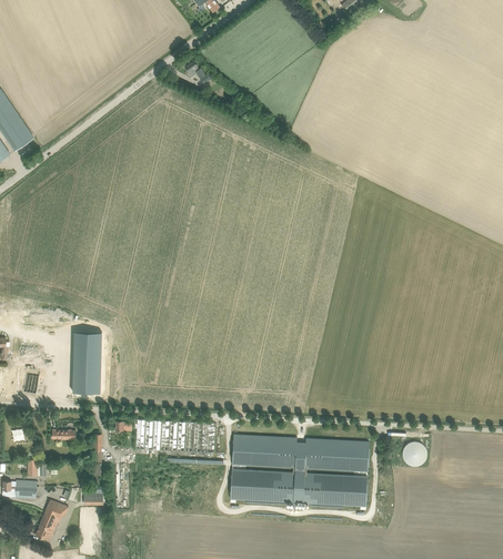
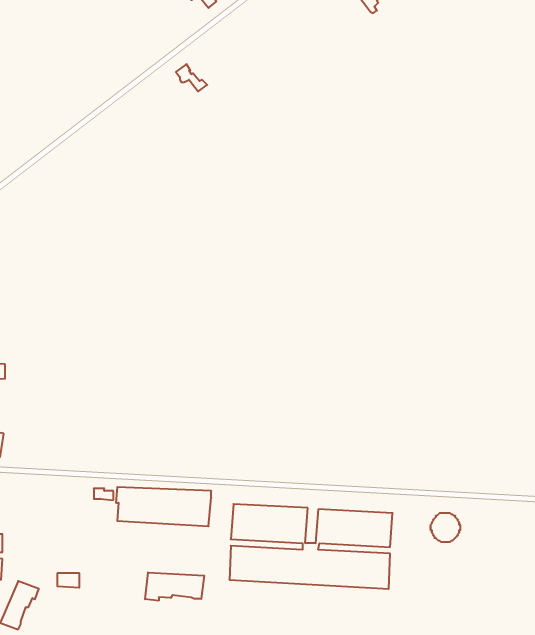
building: [72,333,101,394] -> none
building: none -> [145,572,204,601]

